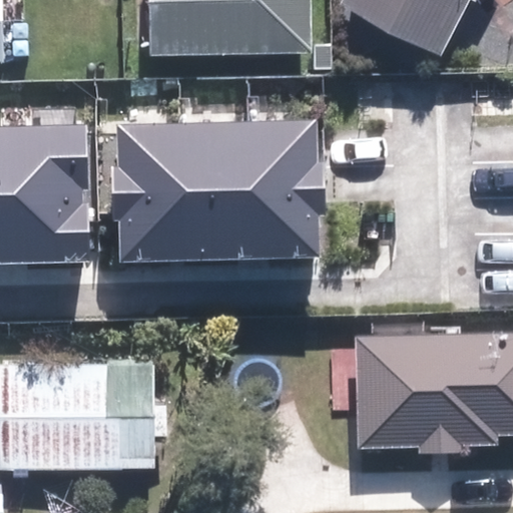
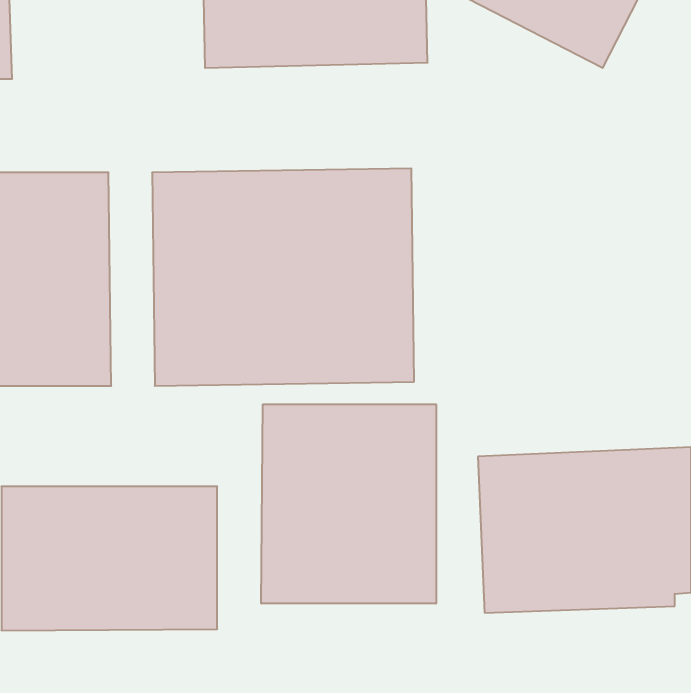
building: none -> [261,404,436,604]

